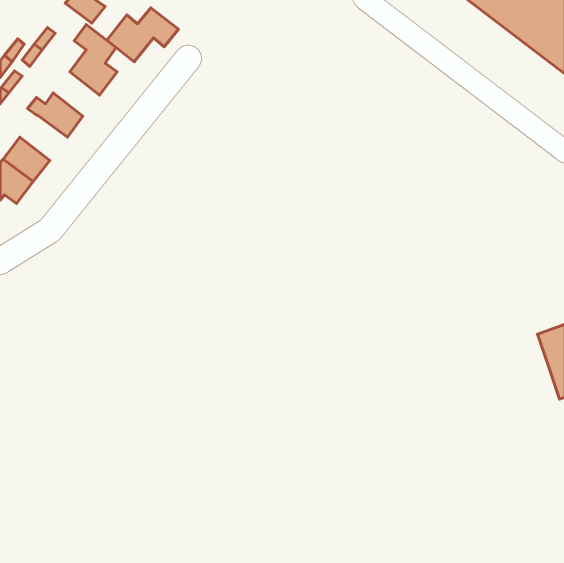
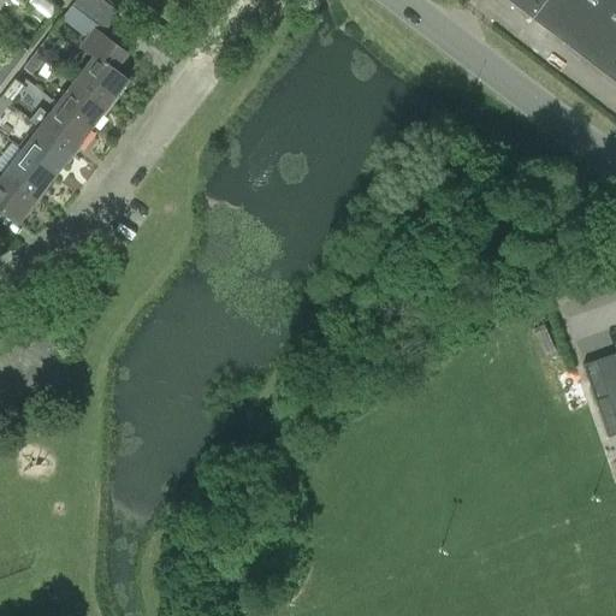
building: [107,8,178,62] -> none
building: none -> [59,78,109,126]
building: none -> [23,125,75,174]

